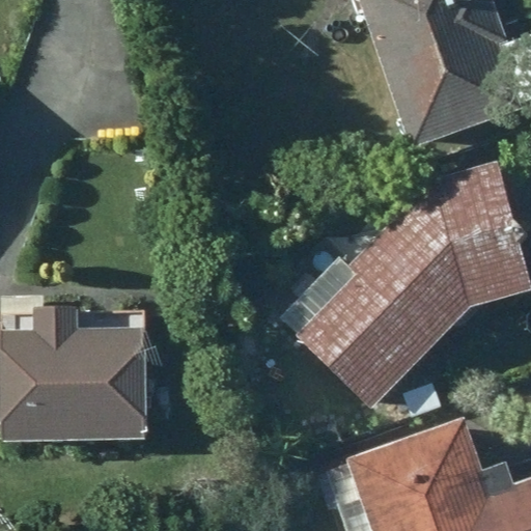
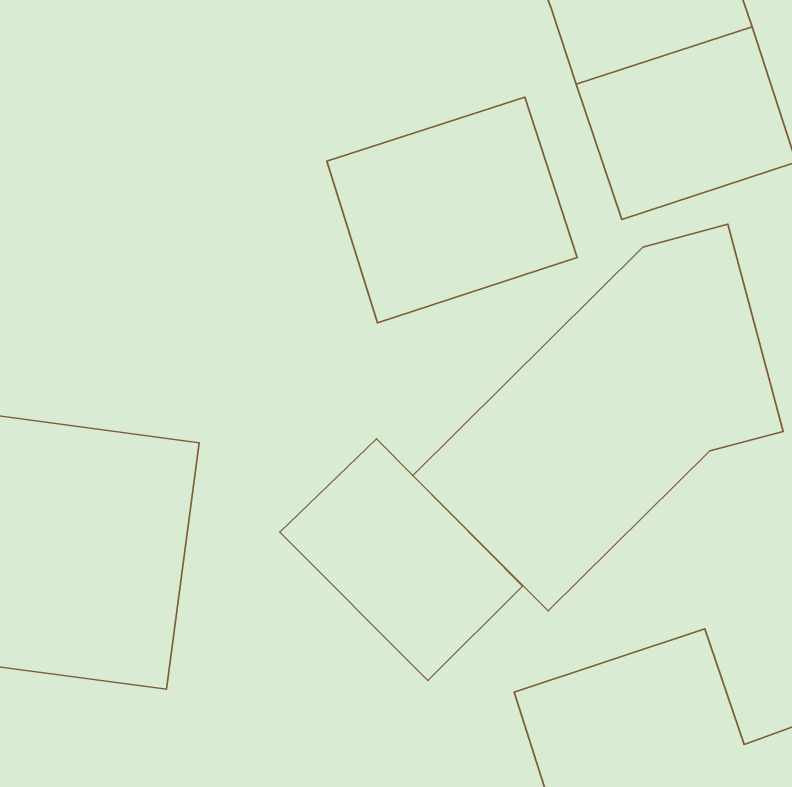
building: none -> [327,97,577,323]
building: none -> [280,439,523,680]

